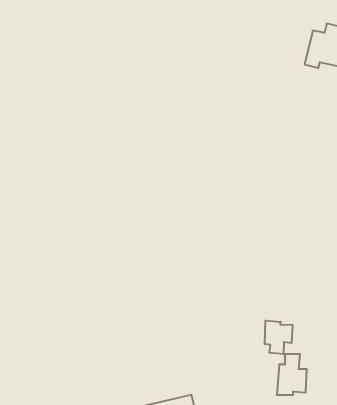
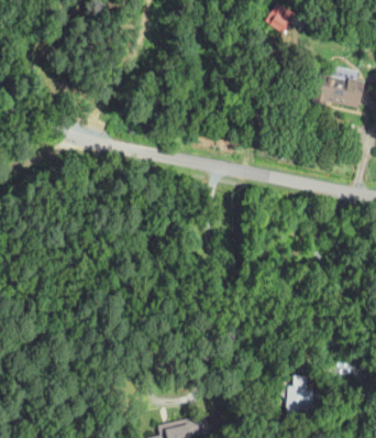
building: [265,320,292,354] -> none

